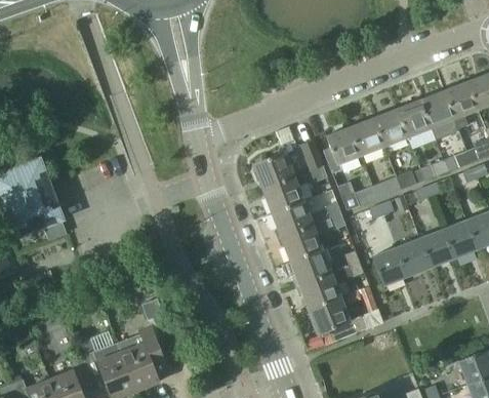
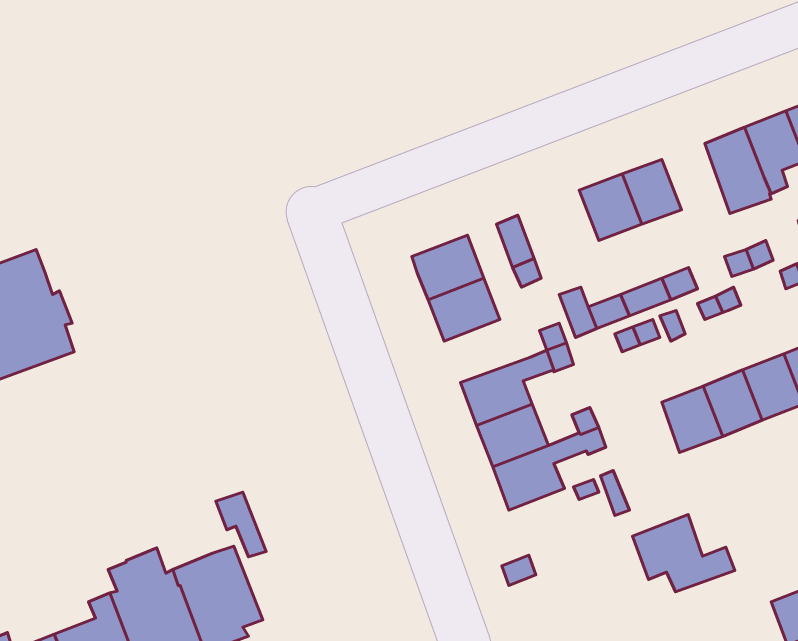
building: [396,99,431,137] -> none
building: [324,126,360,173] -> none
building: [272,200,321,236] -> none
building: [371,247,406,285] -> none
building: [309,296,367,341] -> [632,515,735,592]

